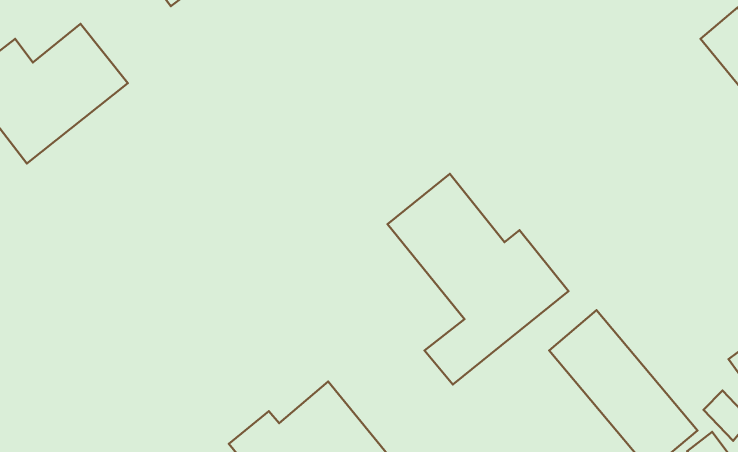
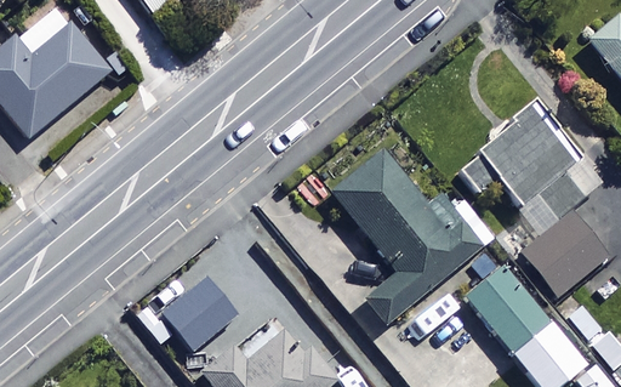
building: none -> [456,91,614,296]
building: none -> [169,274,246,351]

